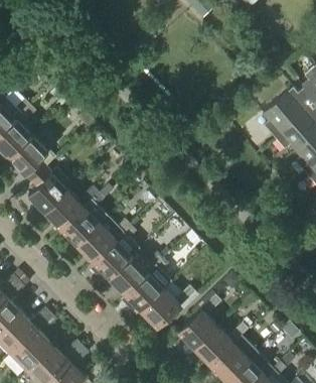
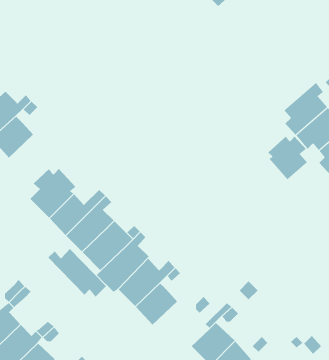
building: [9,135,54,180] -> none
building: none -> [267,136,308,180]
building: none -> [48,248,107,297]
building: [142,289,181,328] -> none

